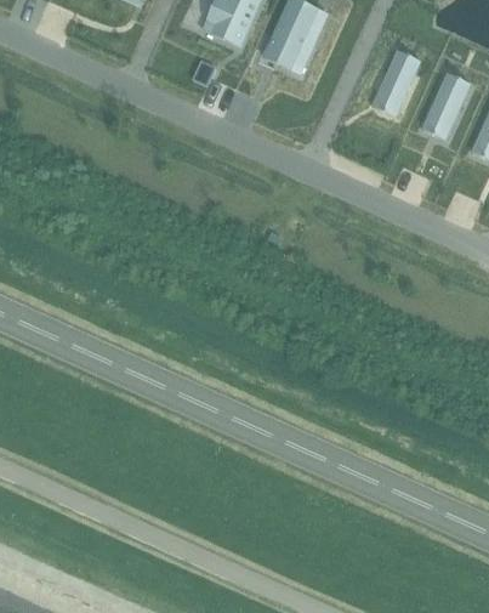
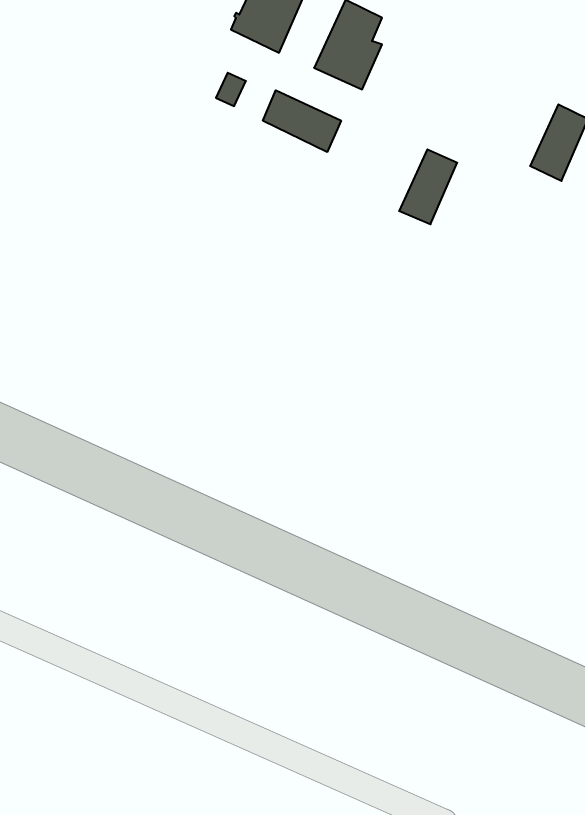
building: [374,58,416,113] -> [399,149,457,224]
building: none -> [263,90,341,152]

